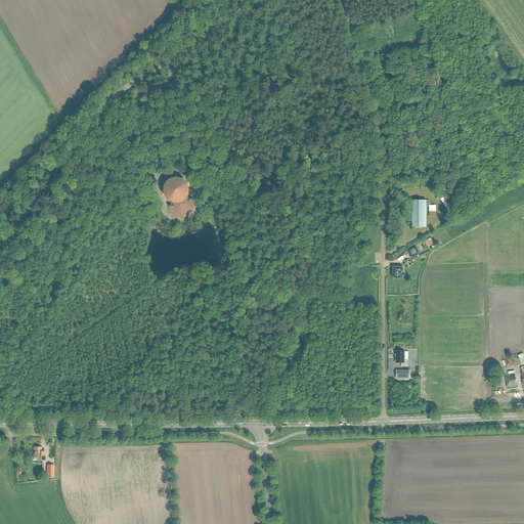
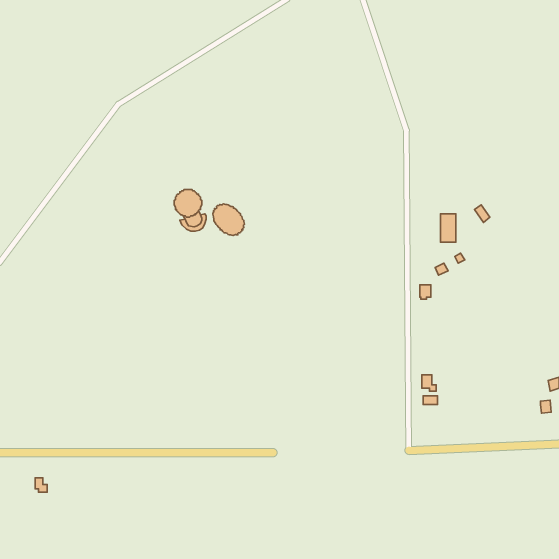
building: none -> [213,204,244,235]

